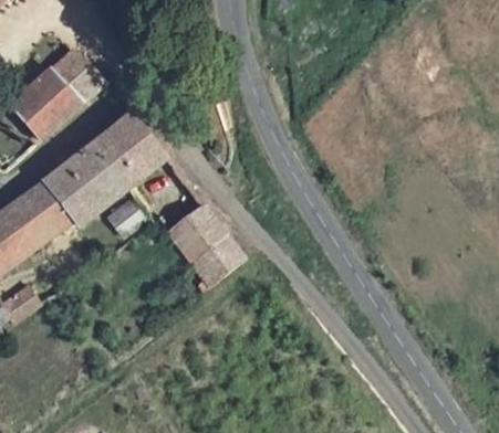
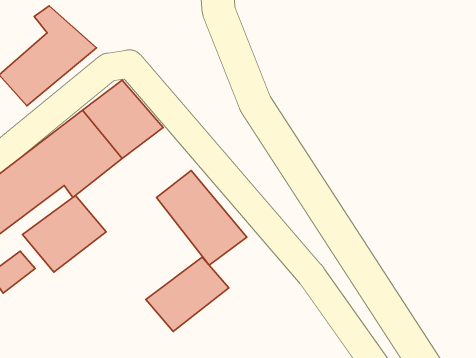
building: none -> [22,195,106,272]
building: none -> [146,257,229,331]

